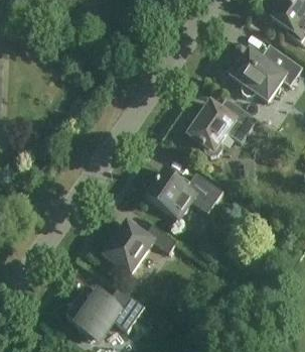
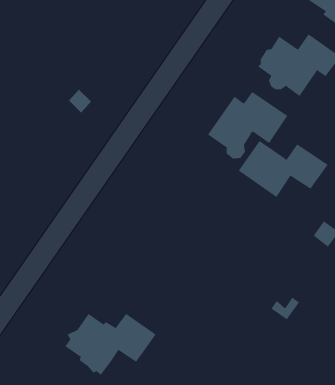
building: [145,168,222,218] -> [238,140,328,198]
building: [104,221,176,272] -> none

